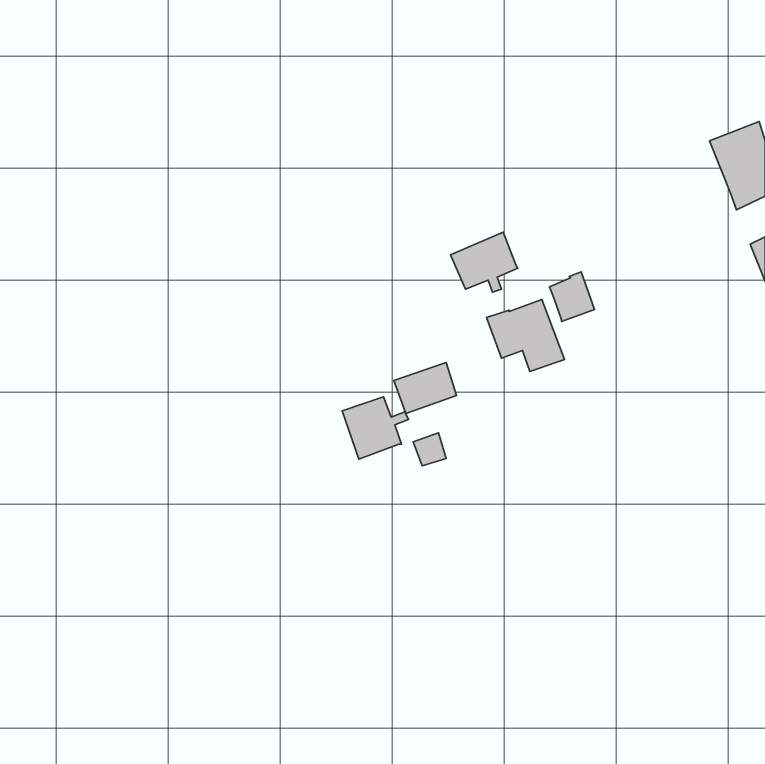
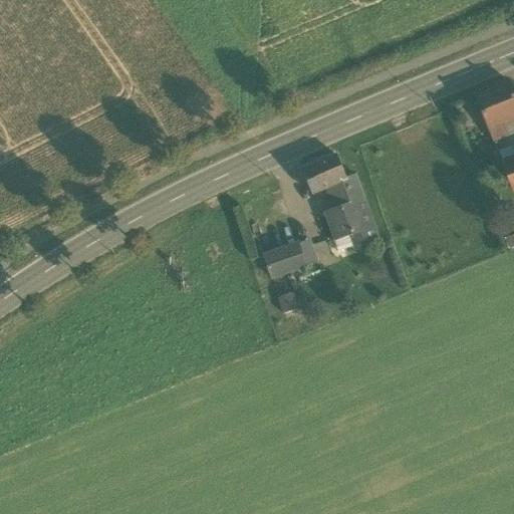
building: [550,272,595,321] -> [333,176,363,209]
building: [342,397,409,459] -> none

